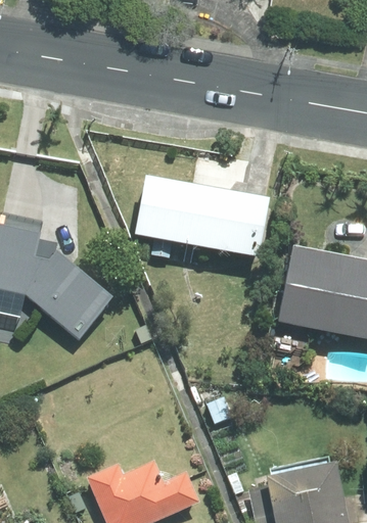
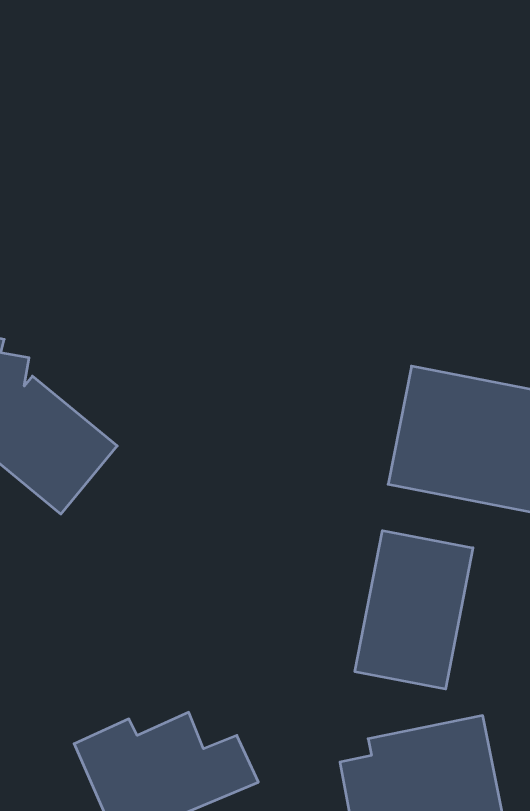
building: [136,175,271,256] -> none
building: none -> [355,531,473,689]

